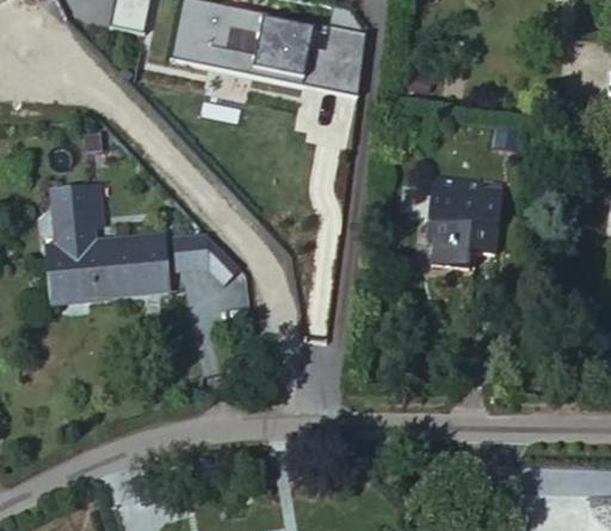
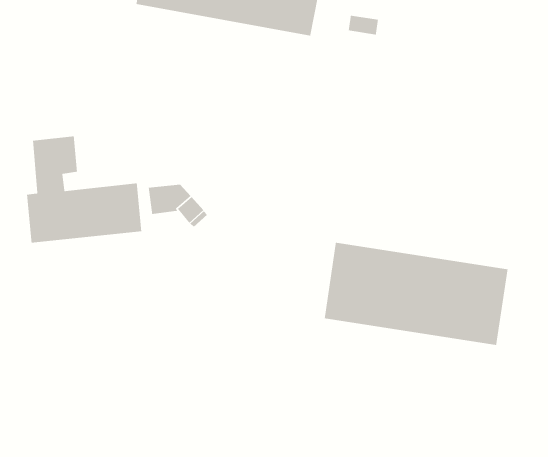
building: [415,167,493,261] -> none
building: none -> [324,242,508,346]

